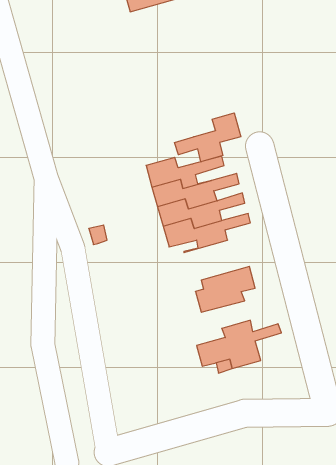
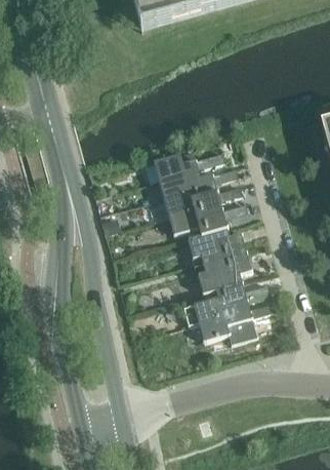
building: [174,113,241,162] -> none
building: none -> [187,227,245,263]
building: none -> [181,281,269,324]

